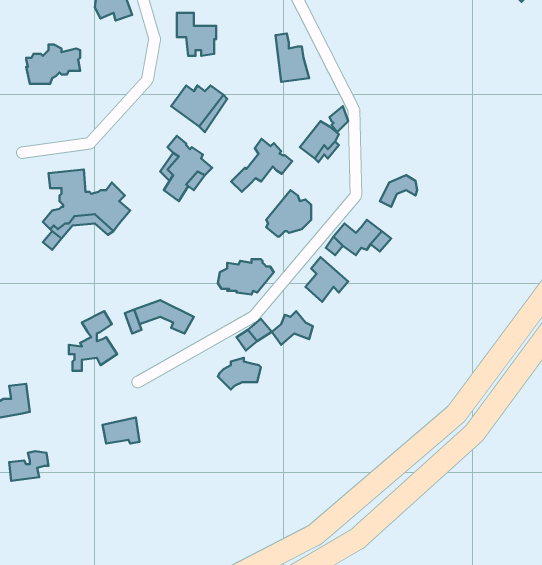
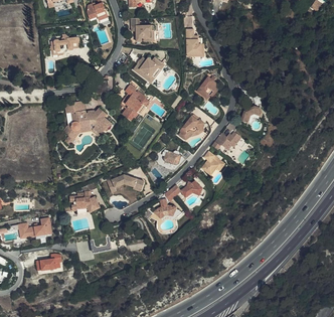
building: [231,139,292,192] -> none

